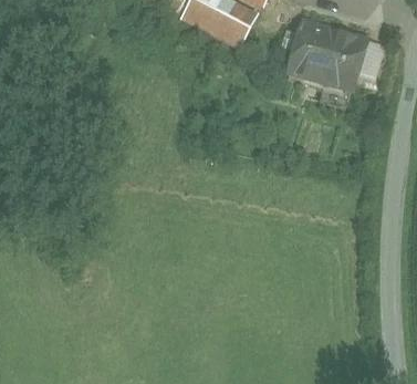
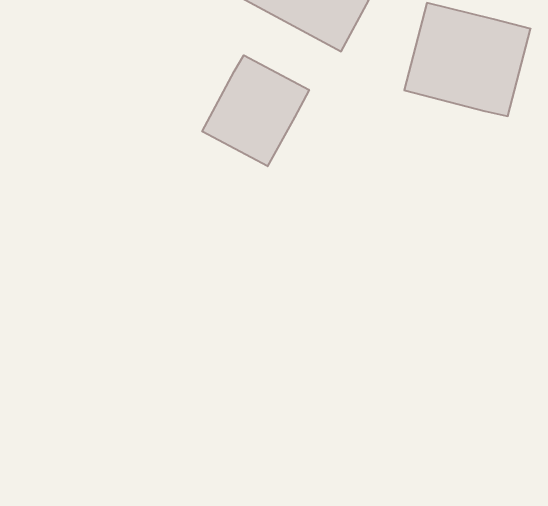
building: none -> [202,55,309,166]

